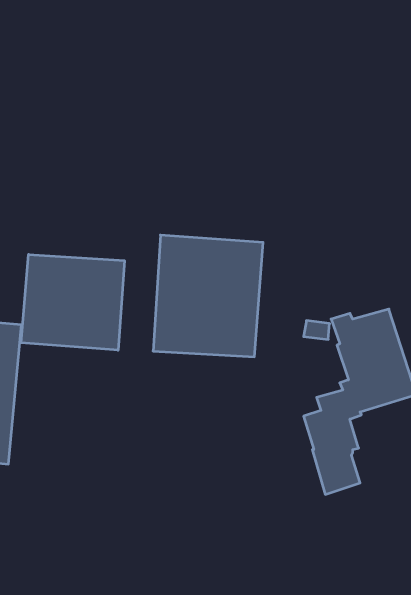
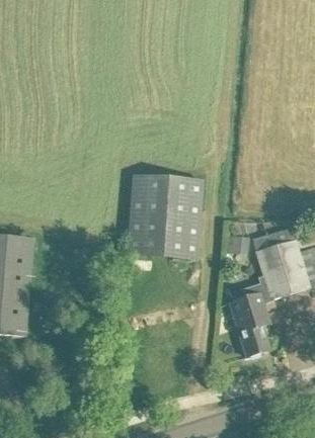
building: [21,254,124,350] -> none

